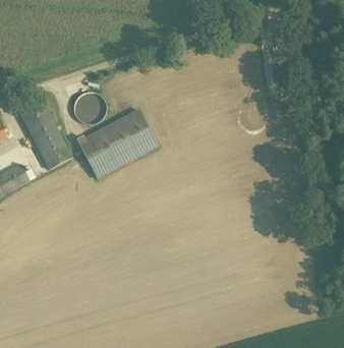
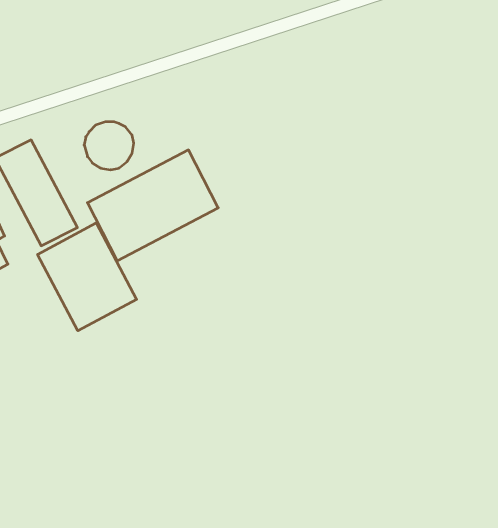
building: none -> [38,223,137,331]

